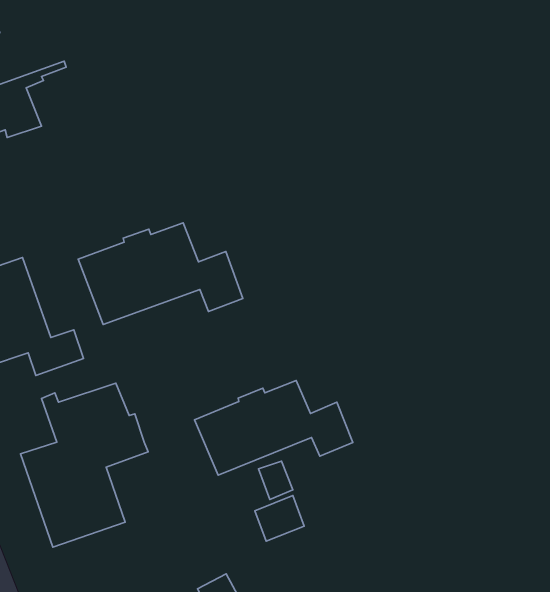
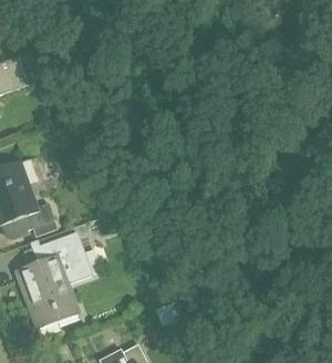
building: [78,223,243,324] -> none
building: [195,380,353,475] -> none

